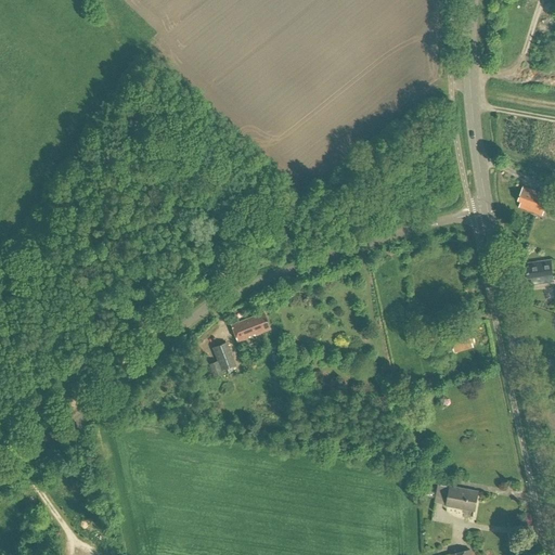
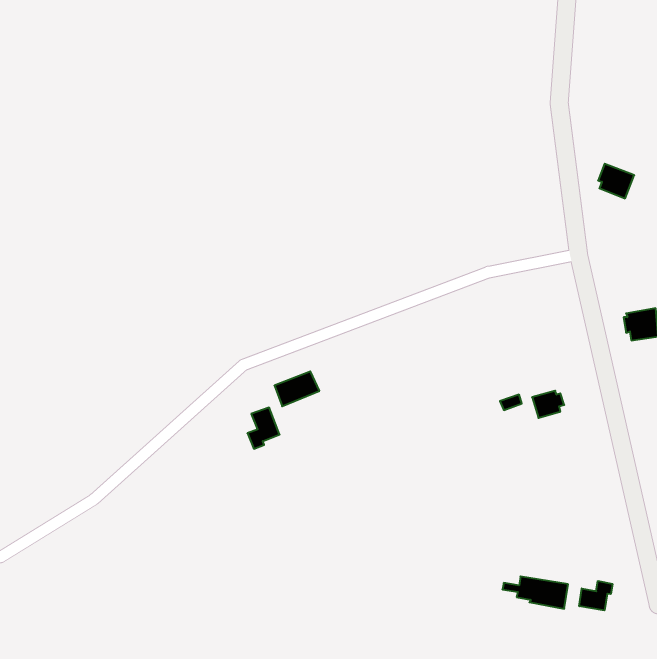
building: [519,186,550,216] -> [598,164,634,198]
building: none -> [579,581,612,610]

